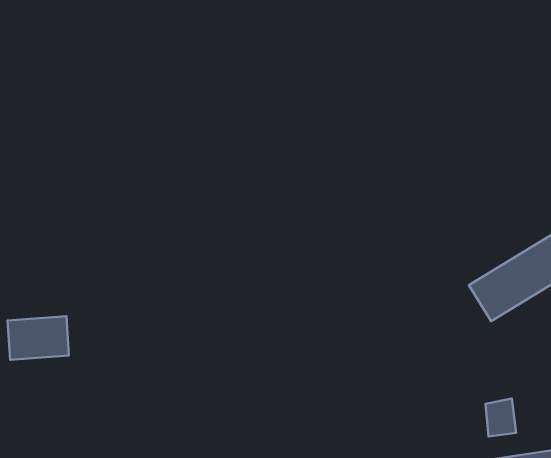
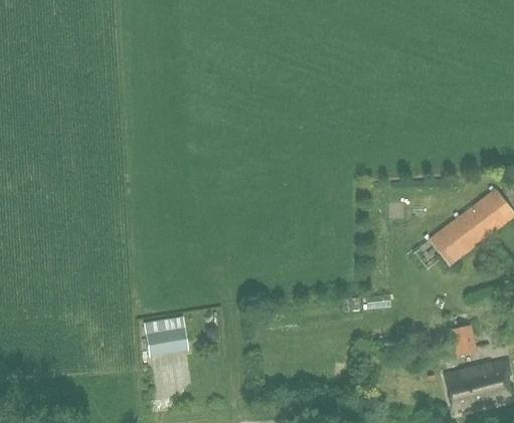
building: [8,316,69,360] -> [141,318,191,356]

